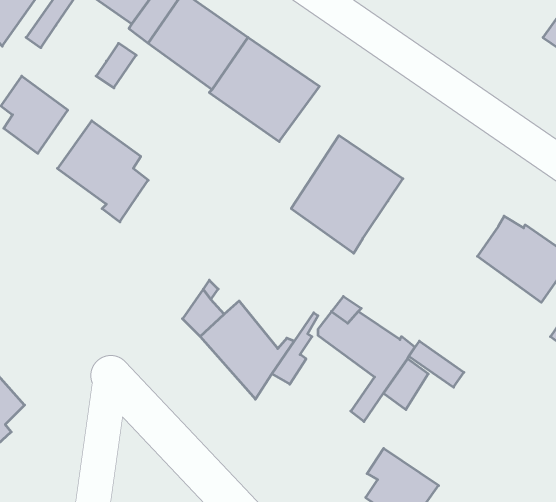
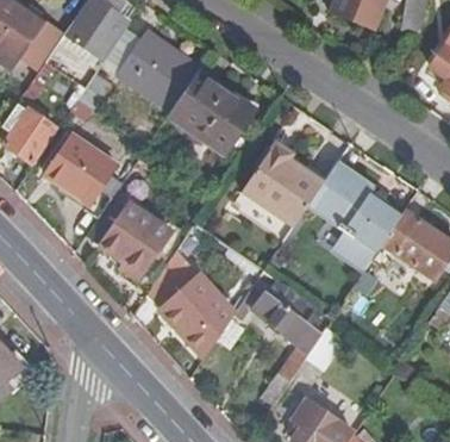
building: none -> [311,162,399,270]
building: none -> [83,195,167,279]

